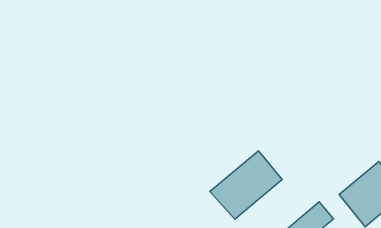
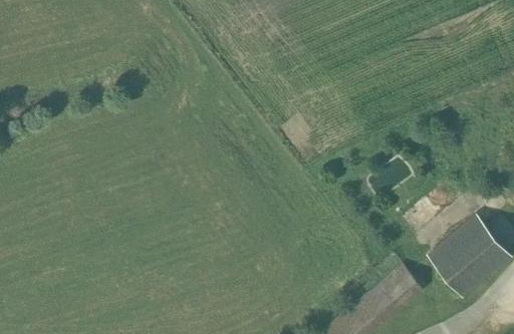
building: [210,151,282,219] -> none

